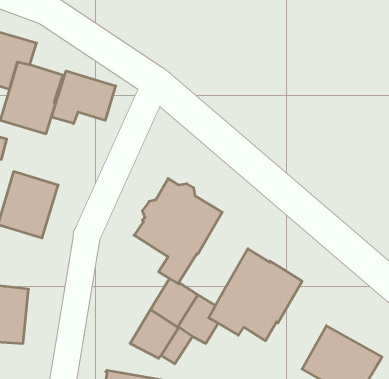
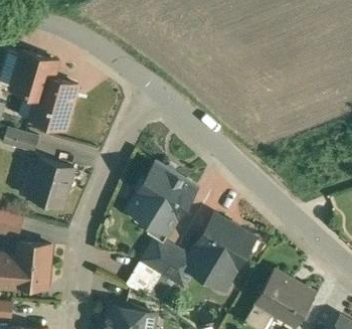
building: [51,71,116,124] -> none

